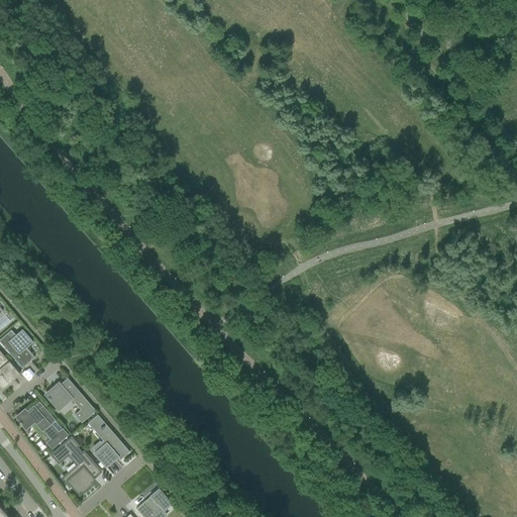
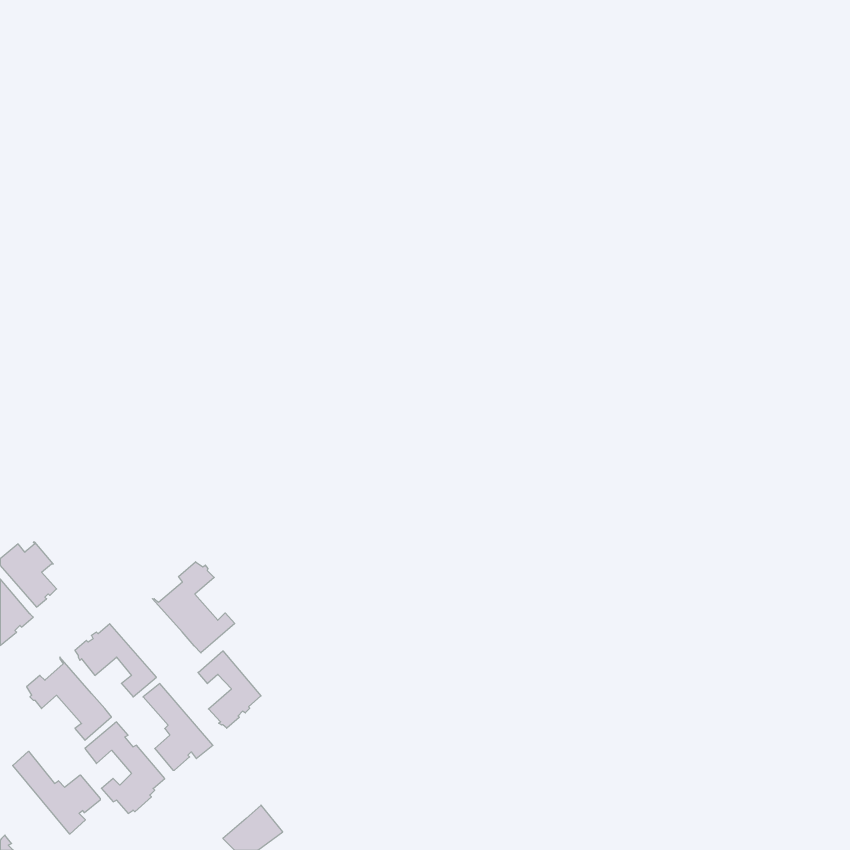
building: none -> [152,562,235,653]
building: none -> [198,651,261,728]
building: none -> [13,751,100,834]

